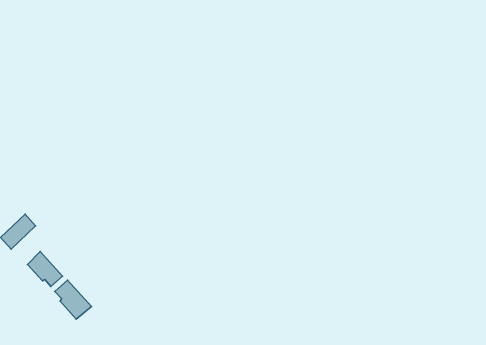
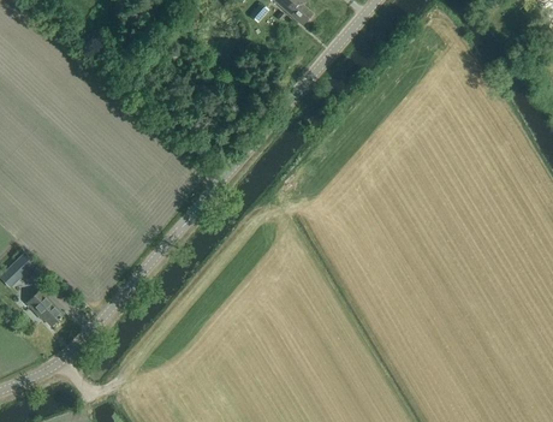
building: [55,280,91,319] -> none

